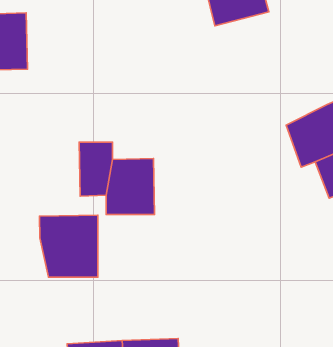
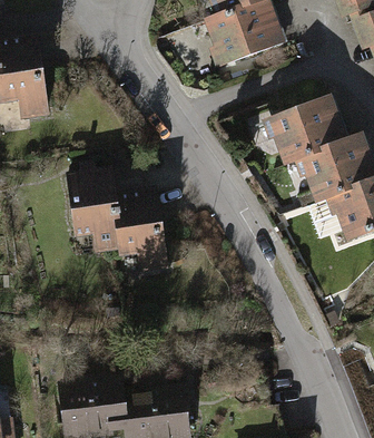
building: none -> [273,104,343,171]
building: [39,215,98,277] -> none

